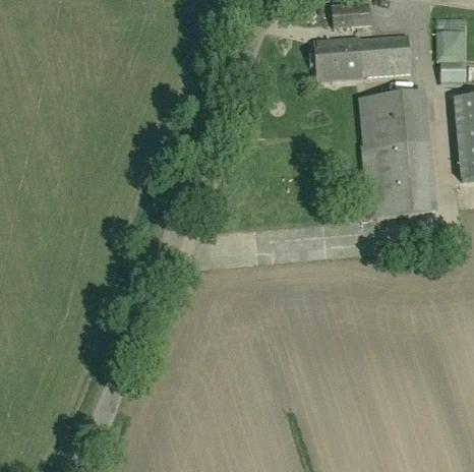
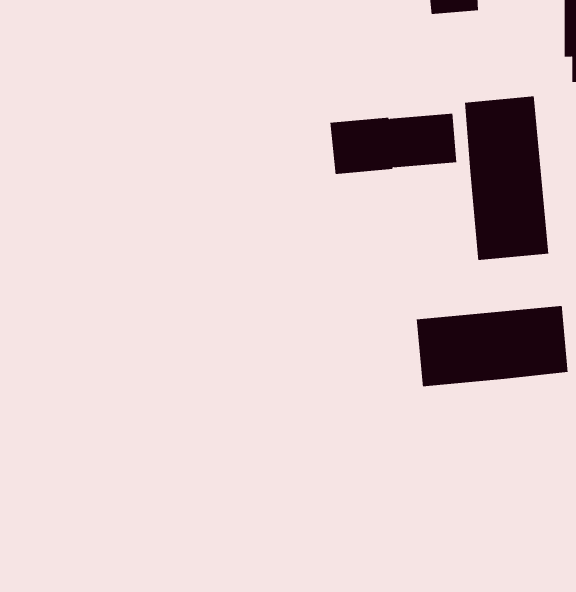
building: [313,34,411,80] -> [330,113,457,174]
building: none -> [416,305,568,387]

